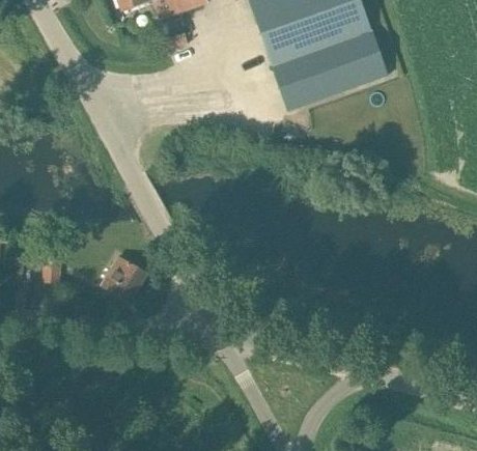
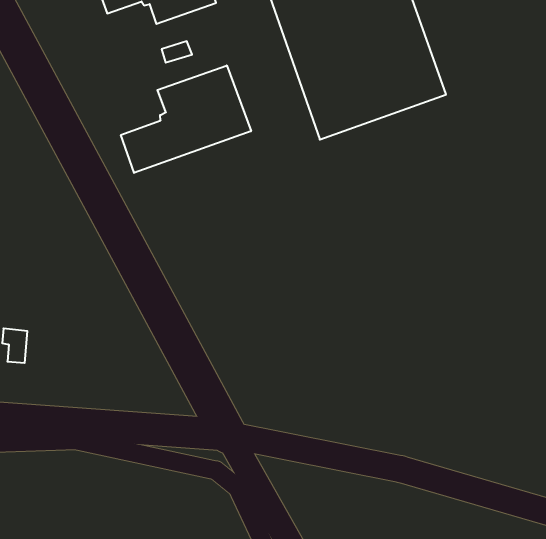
building: none -> [121,65,251,173]
building: [102,257,147,303] -> none

